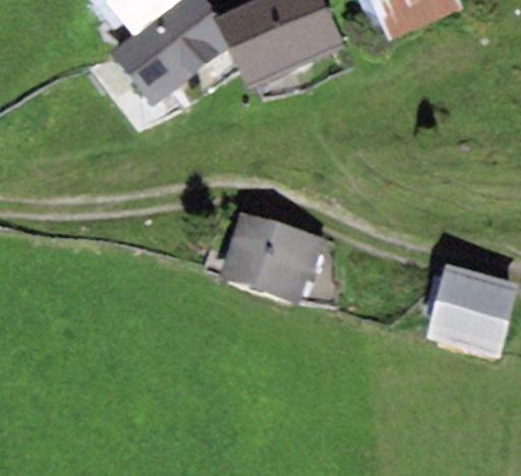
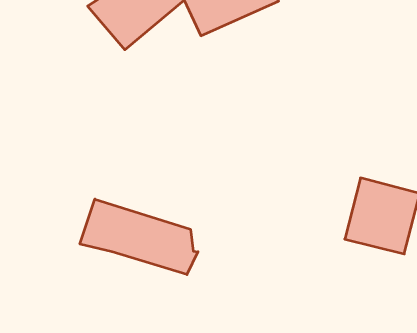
building: [218,212,324,304] -> none
building: none -> [80,199,198,275]

